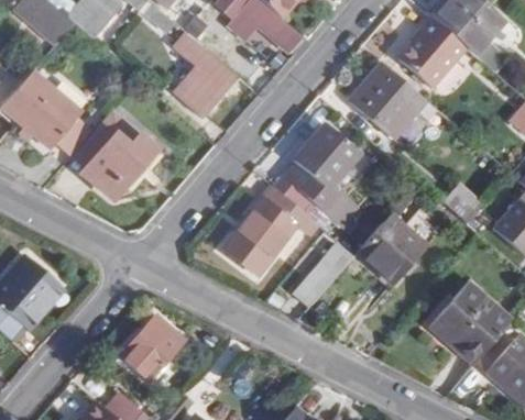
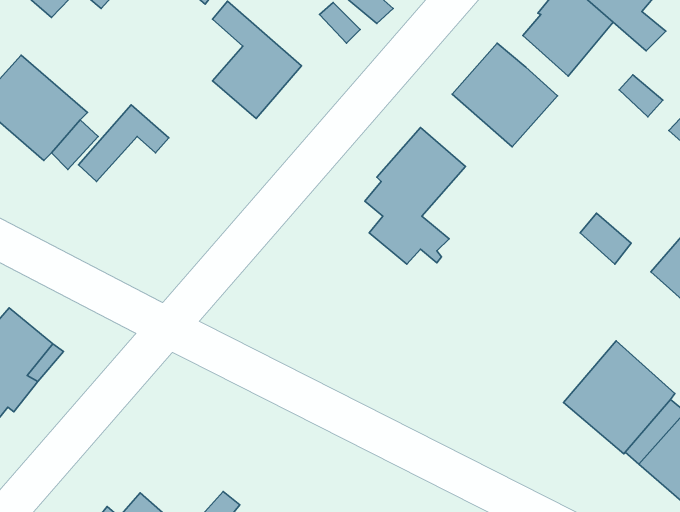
building: [83,131,158,190] -> none
building: [219,187,315,274] -> none
building: [356,212,425,283] -> none
building: [294,241,351,305] -> none
building: [121,316,183,378] -> none

